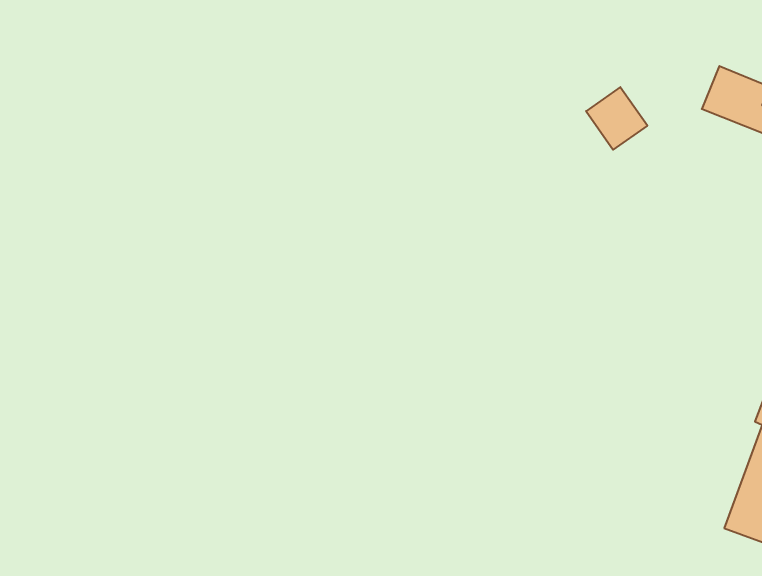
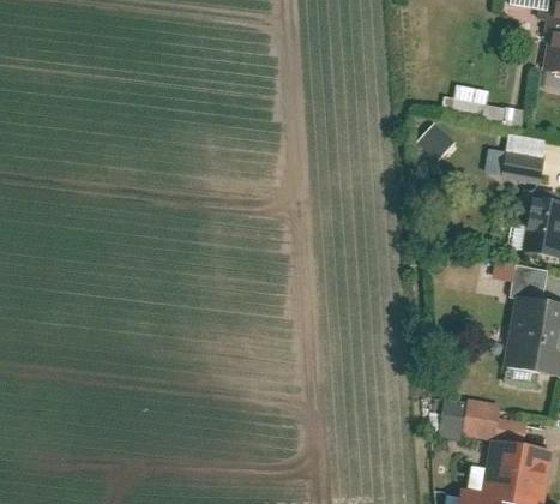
building: [586,87,647,150] -> [419,121,457,160]

